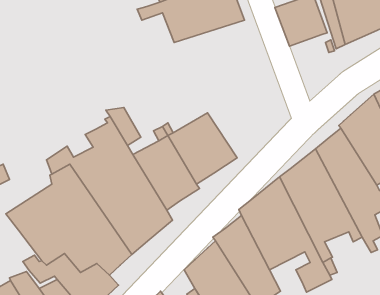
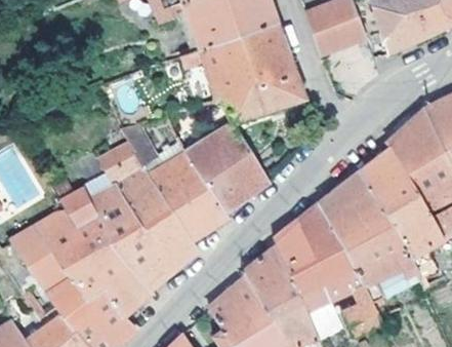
building: none -> [182,24,304,123]

